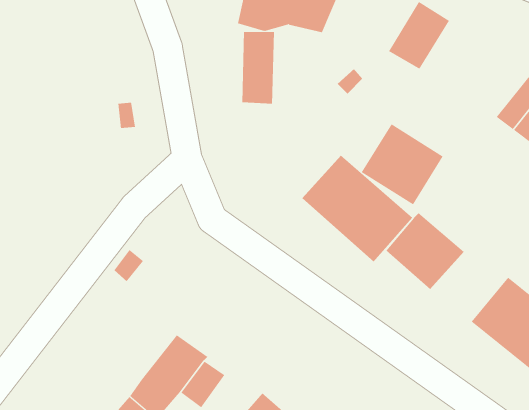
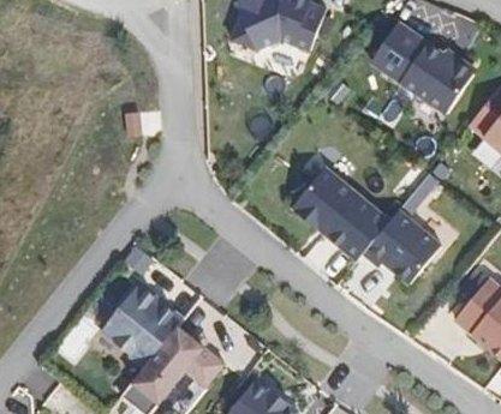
building: [242,31,275,104] -> none
building: [361,124,444,205] -> [399,38,475,113]
building: none -> [100,286,180,366]

